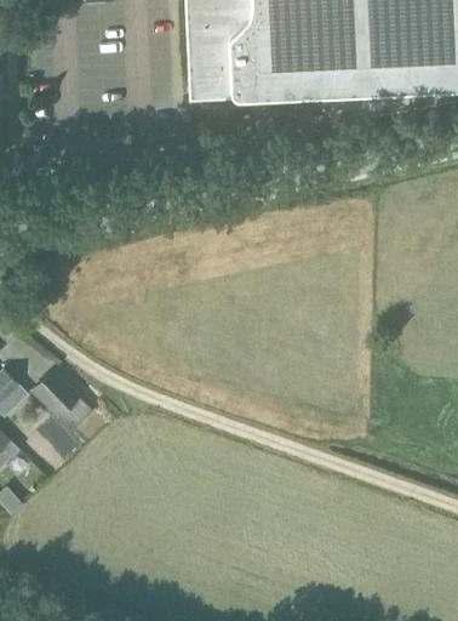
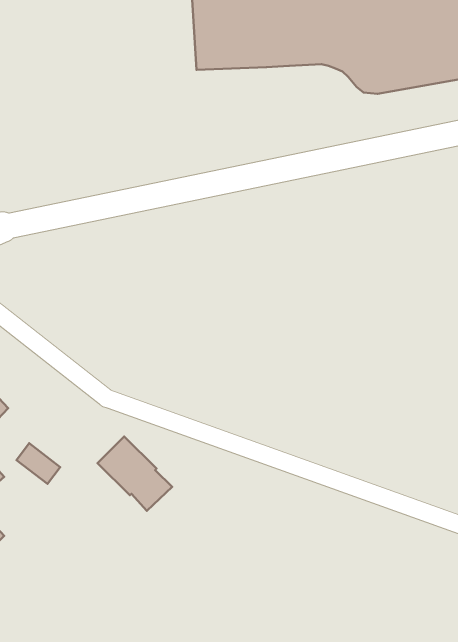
building: [28,365,92,429] -> [98,436,172,511]

